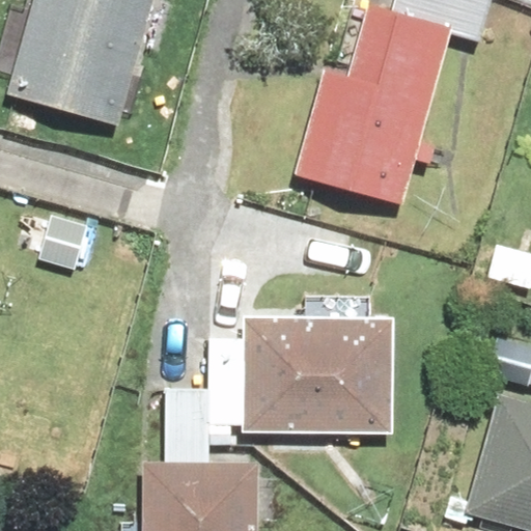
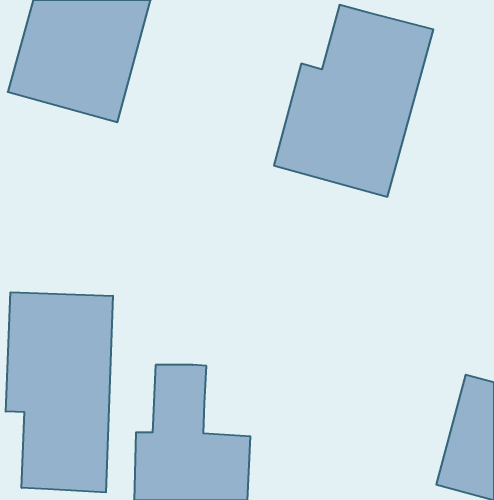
building: none -> [6,292,113,492]
building: [204,313,396,434] -> none

